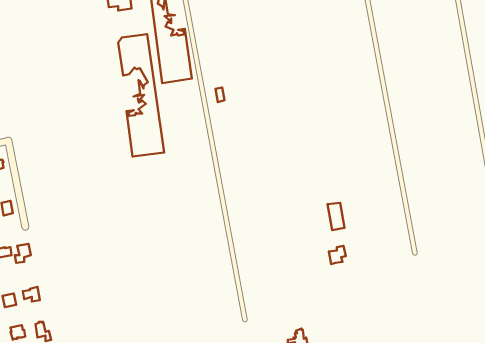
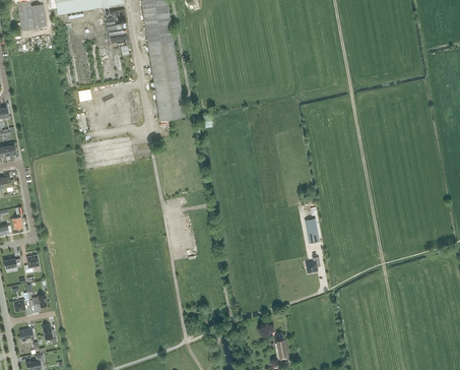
building: [118,34,164,156] -> none

